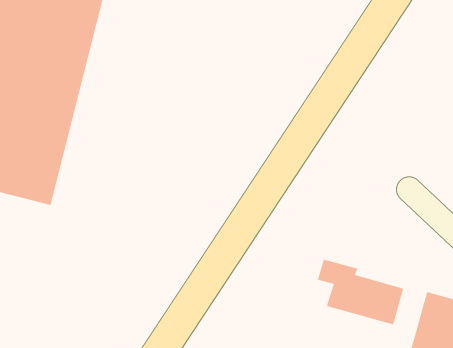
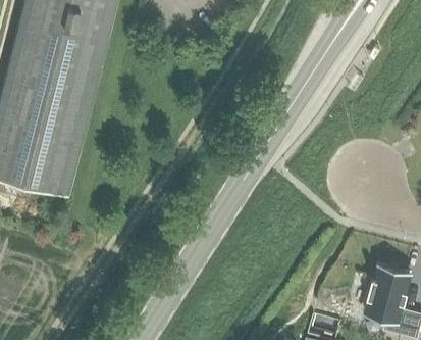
building: [317,259,404,325] -> none

